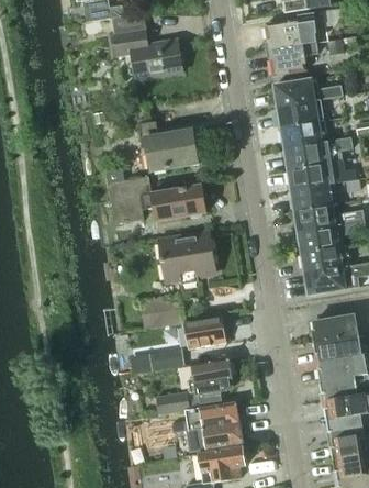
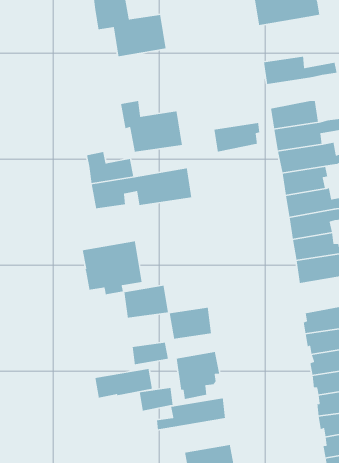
building: [269,42,317,75] -> none
building: [277,99,321,127] -> [214,122,260,152]
building: [159,232,216,284] -> [82,241,142,295]
building: [187,421,242,450] -> [95,368,153,398]

